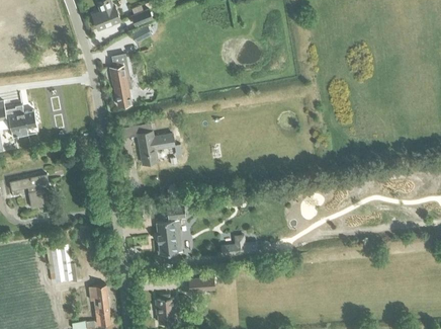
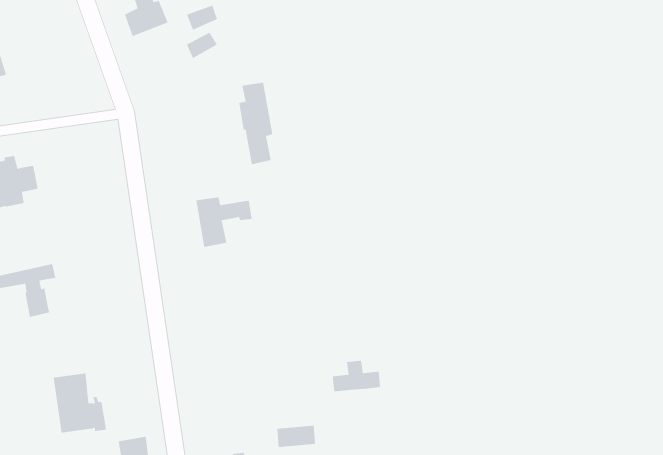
building: [110,54,133,106] -> [238,82,273,165]
building: [156,203,185,261] -> none

